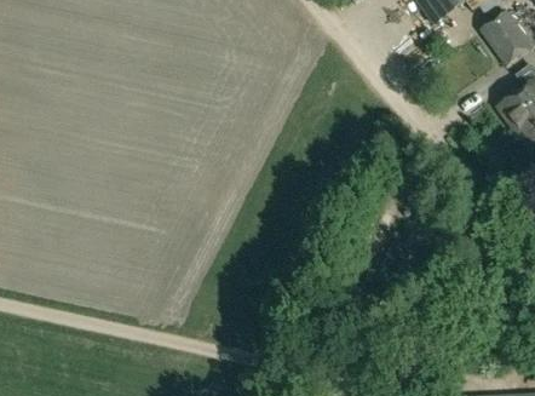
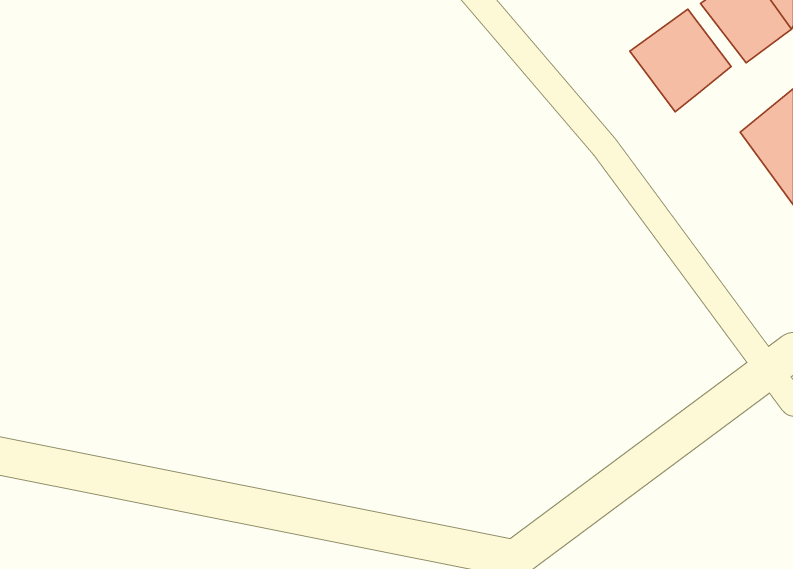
building: none -> [630,9,731,112]

